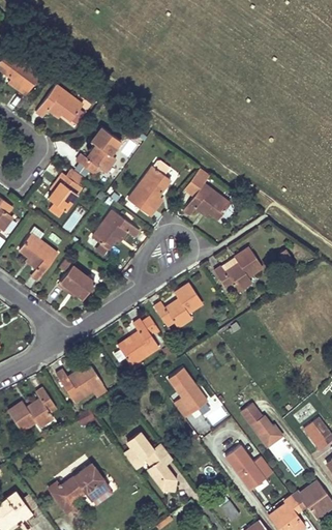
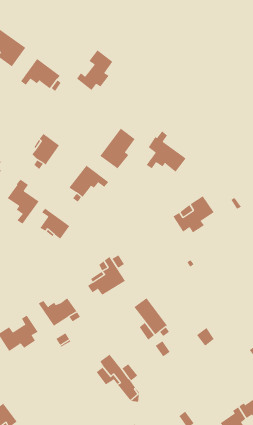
building: [77,127,120,176] -> [76,49,113,91]
building: [154,283,203,326] -> none
building: [252,414,284,446] -> none
building: [224,443,274,490] -> none
building: [49,464,109,511] -> none

